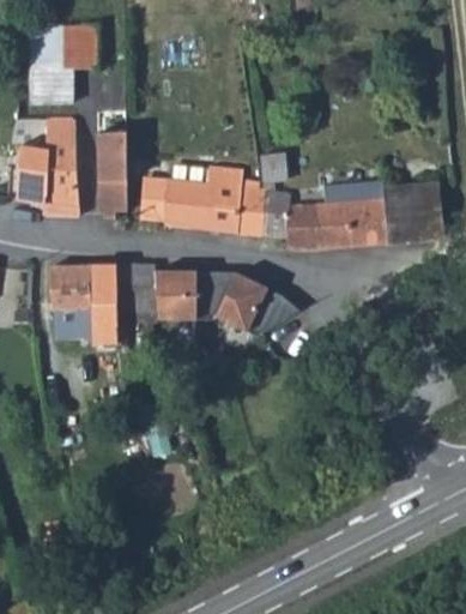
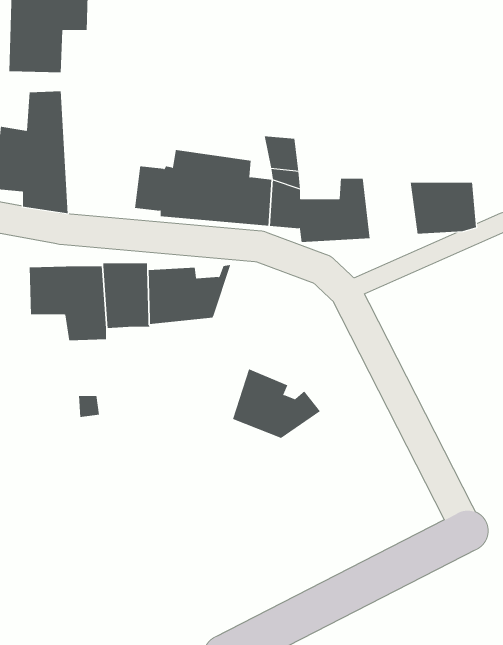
building: [97,133,126,222] -> none
building: [340,186,387,243] -> none
building: [210,266,288,327] -> [232,369,321,438]

